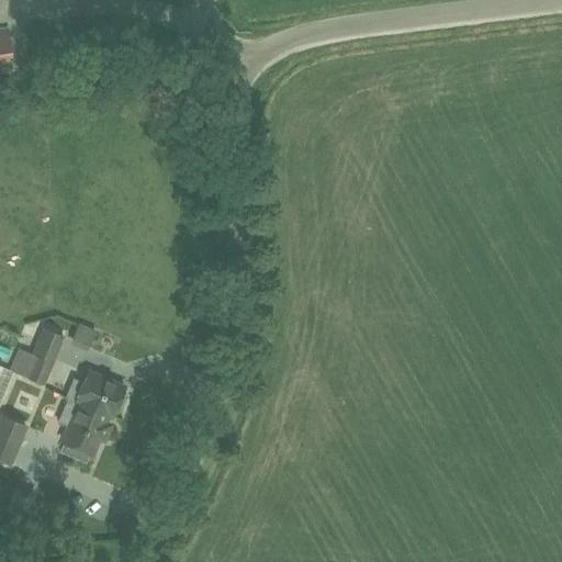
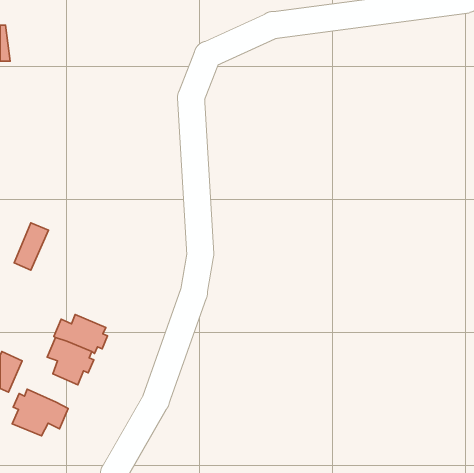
building: [23,329,64,385] -> [14,223,48,270]
building: none -> [12,389,68,436]

